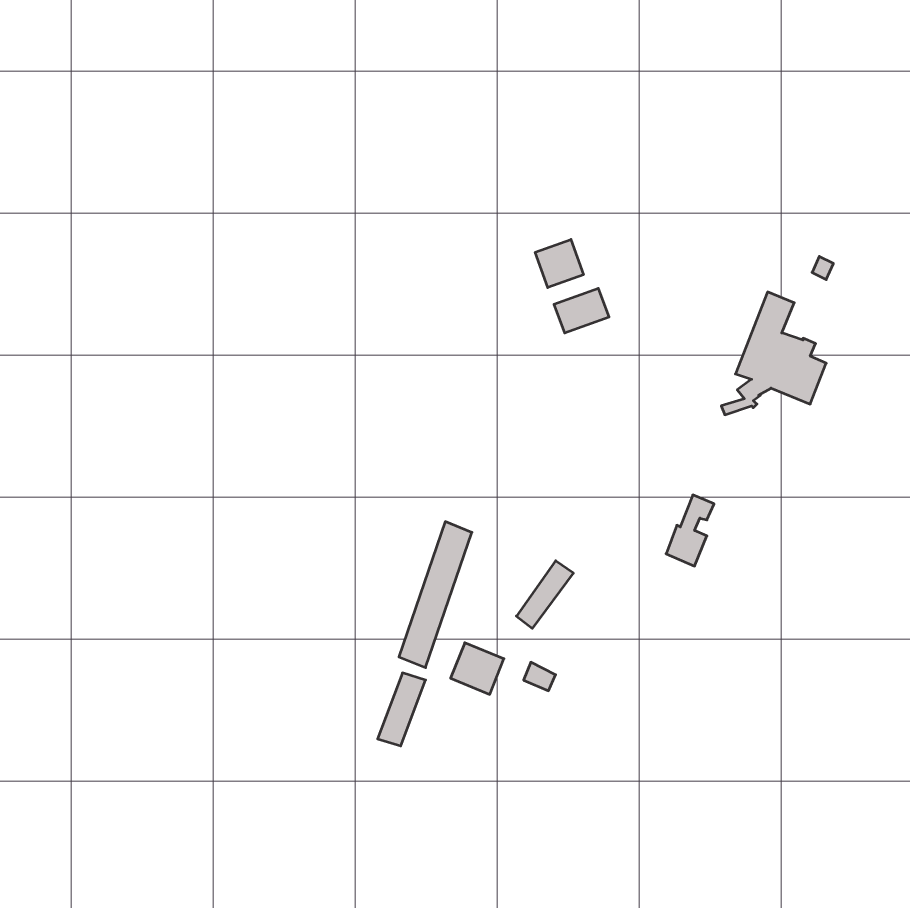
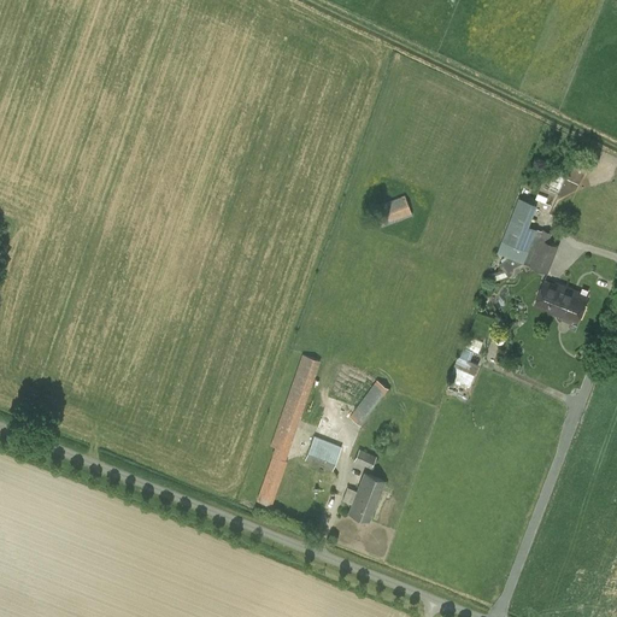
building: [535,239,583,288] -> none
building: none -> [534,281,588,324]
building: none -> [342,474,384,522]

